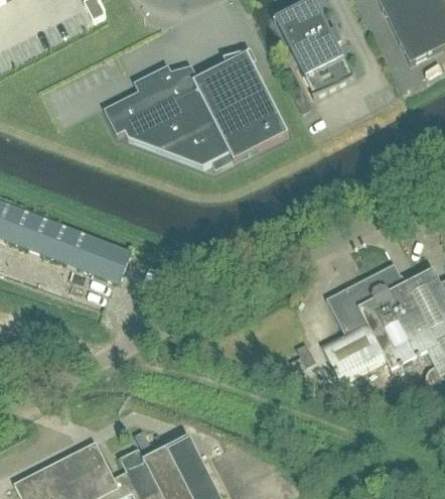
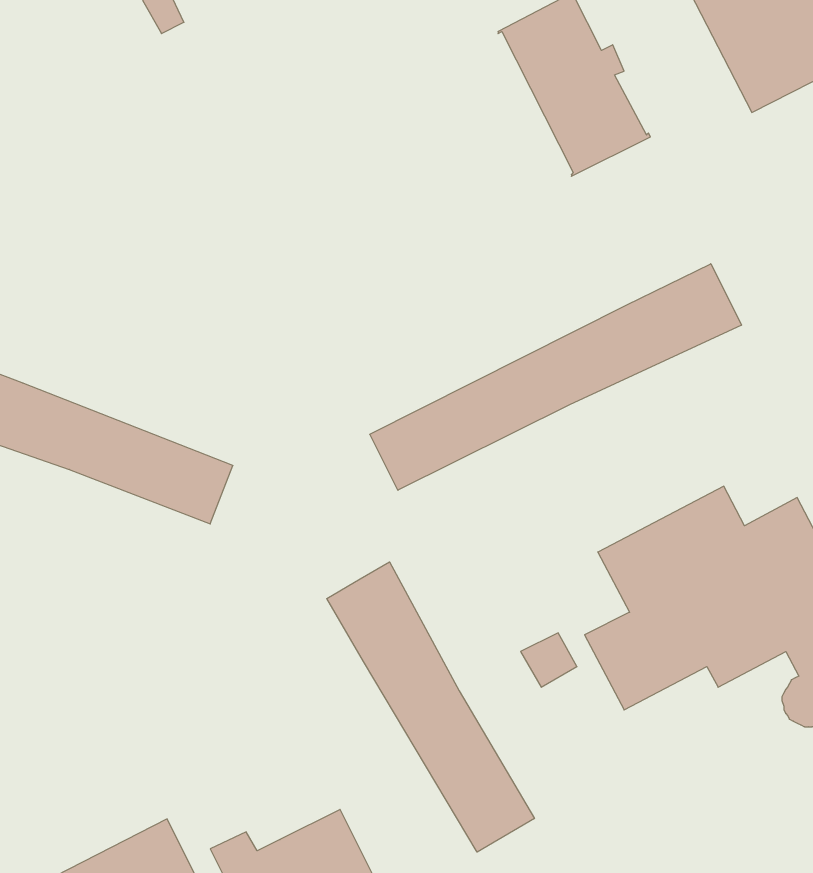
building: [103,51,288,165] -> none
building: none -> [370,264,741,490]
building: none -> [327,562,534,852]

